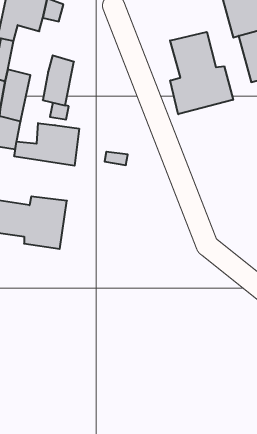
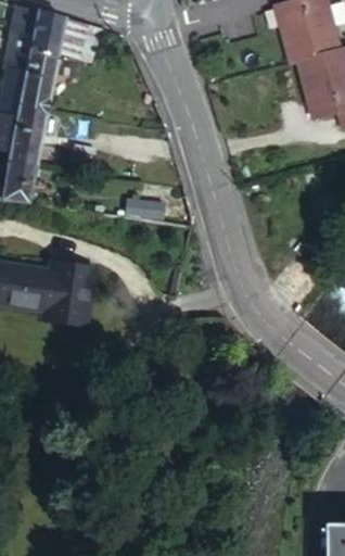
building: [170,32,233,114] -> none
building: [43,55,74,105] -> [18,50,56,111]
building: [14,123,79,166] -> none

